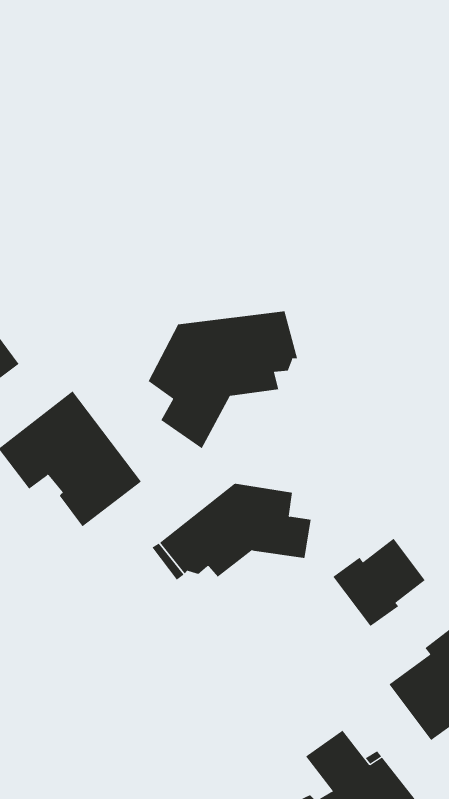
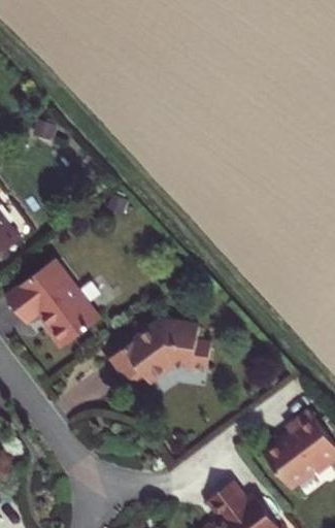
building: [148,311,298,449] -> none
building: [333,538,425,627] -> none

